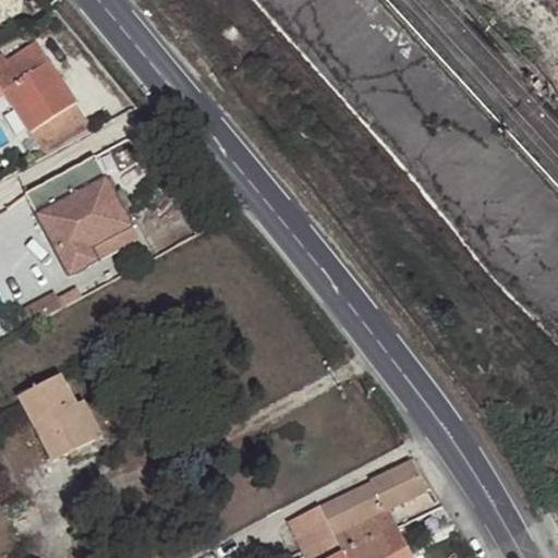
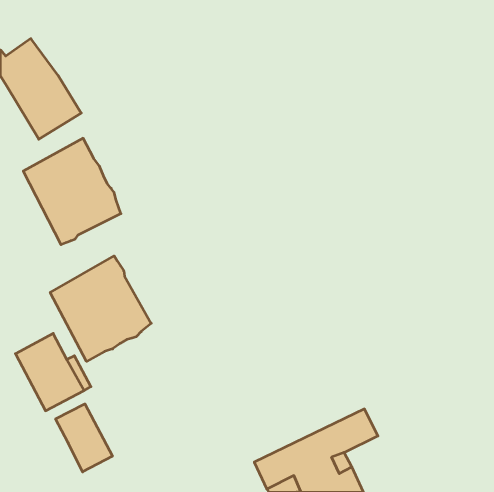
building: none -> [50,256,151,361]
building: none -> [56,404,112,472]

